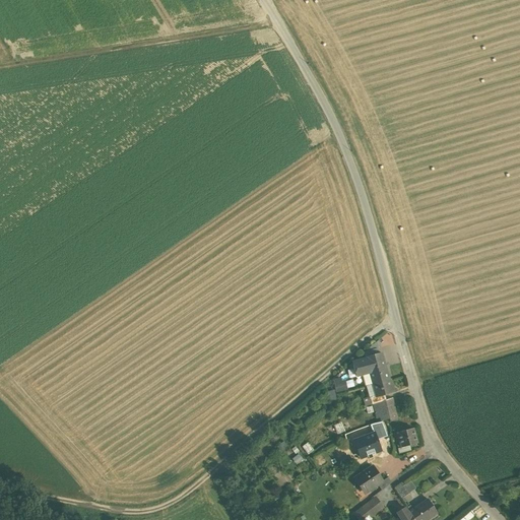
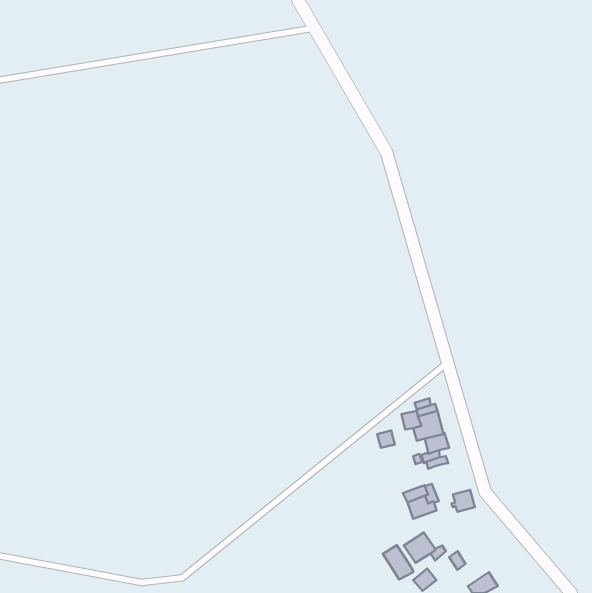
building: none -> [383,545,413,580]

